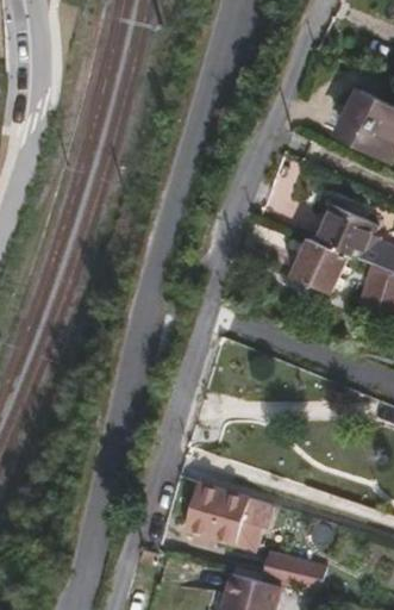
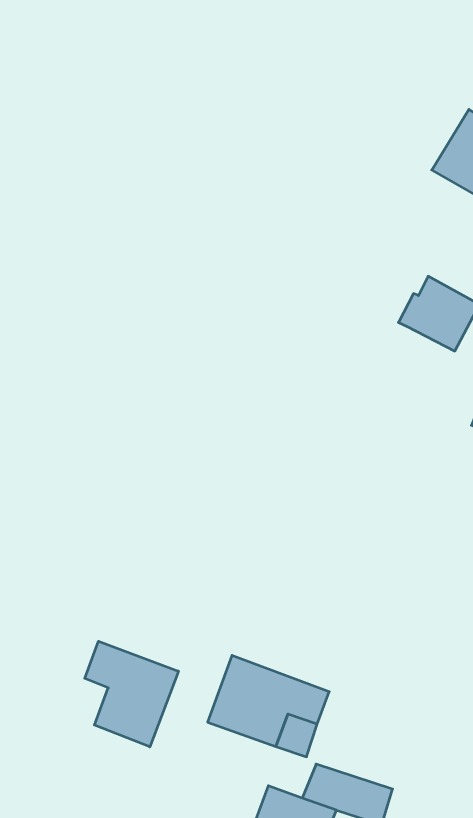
building: [292,237,348,292] -> none
building: none -> [85,641,178,747]

